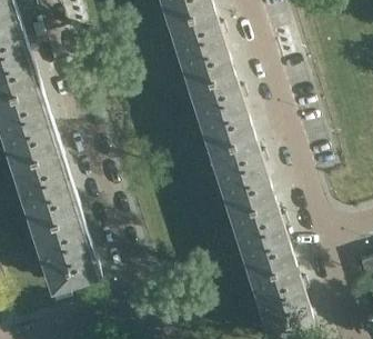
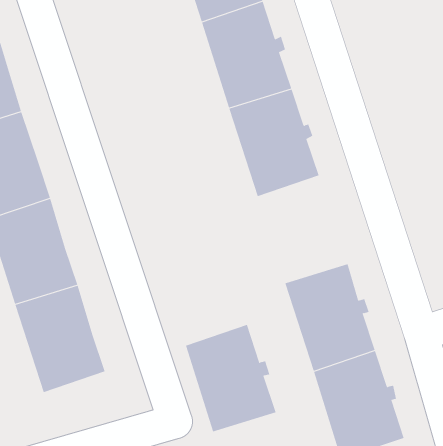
building: [209,138,275,217] -> [185,324,276,432]

